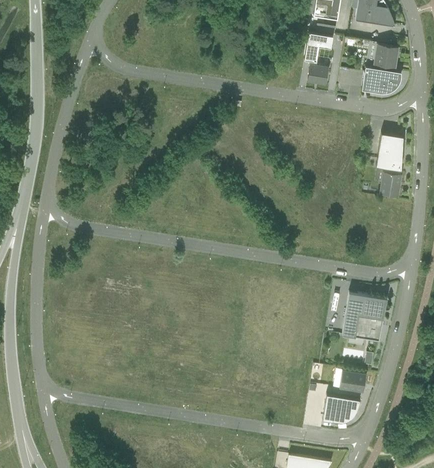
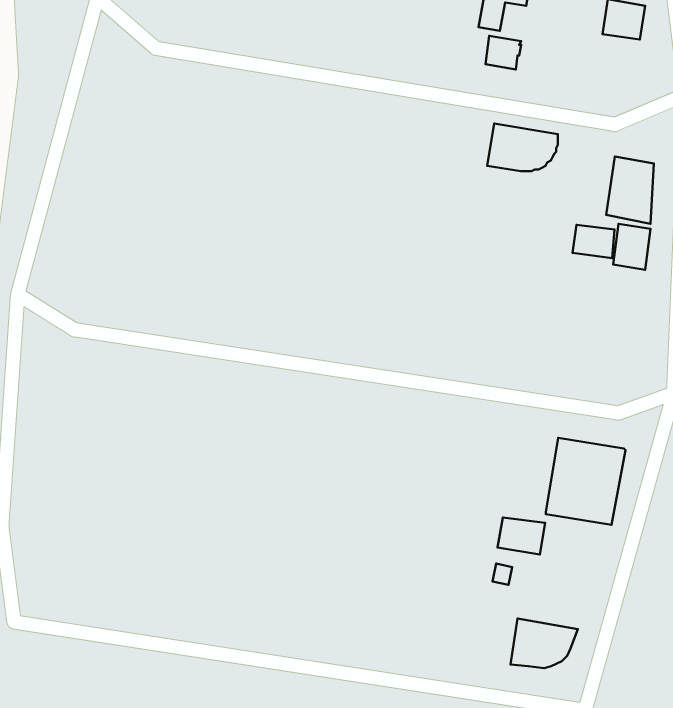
building: [361,66,401,93] -> [487,123,558,171]
building: none -> [572,225,614,258]
building: [339,371,366,392] -> [497,517,545,555]

